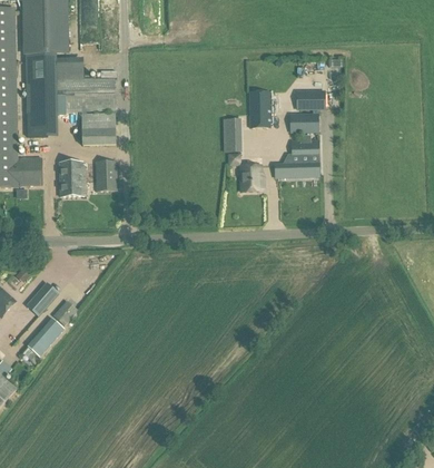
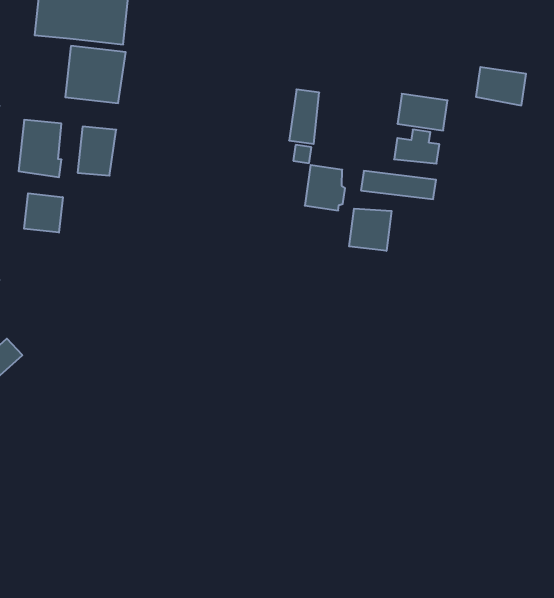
building: [296,89,325,109] -> [476,67,526,105]
building: [247,90,268,127] -> none
building: none -> [349,209,392,251]
building: none -> [24,193,63,233]

